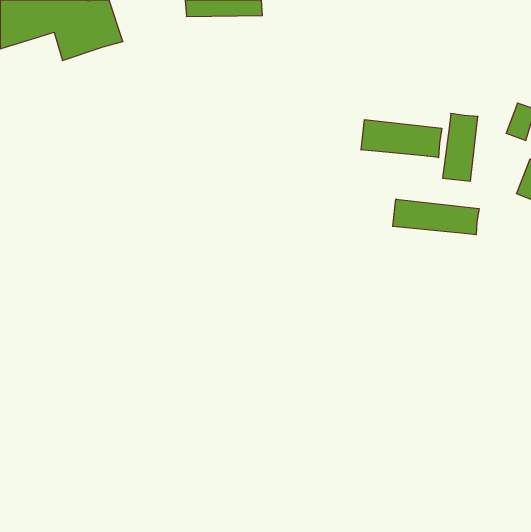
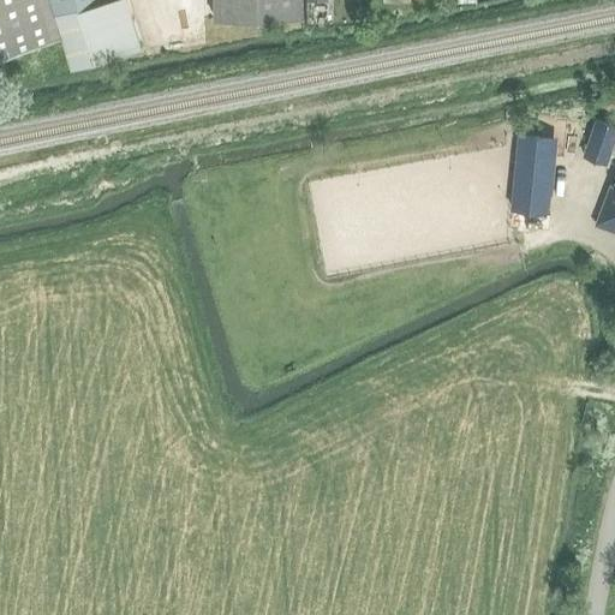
building: [361,120,442,158] -> none
building: [393,199,479,235] -> none

